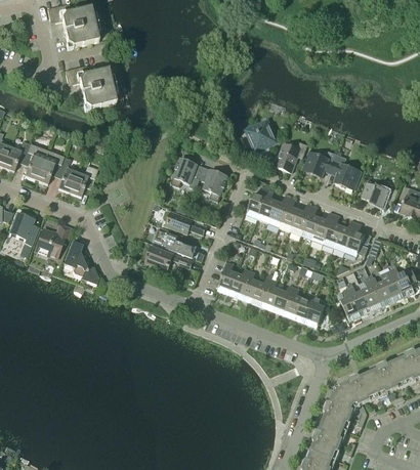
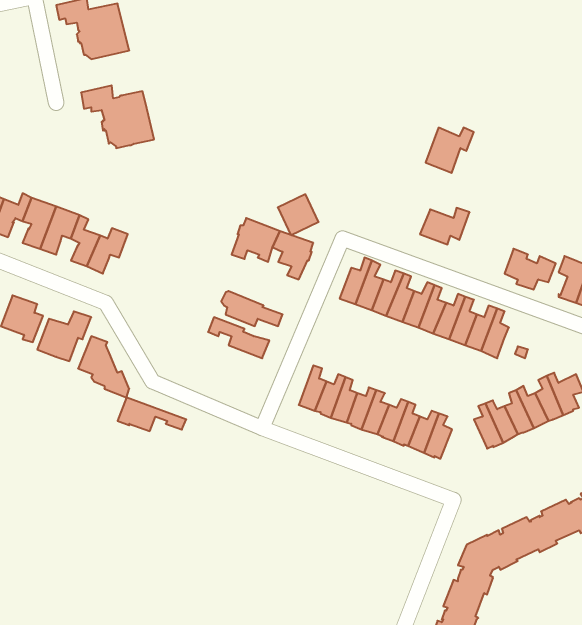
building: [247,121,276,149] -> [278,194,319,235]
building: [274,141,307,173] -> [426,128,474,173]
building: [330,154,361,188] -> none
building: [144,245,193,268] -> [118,398,186,431]

